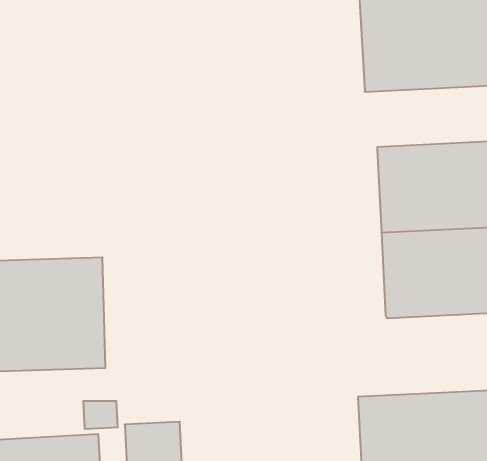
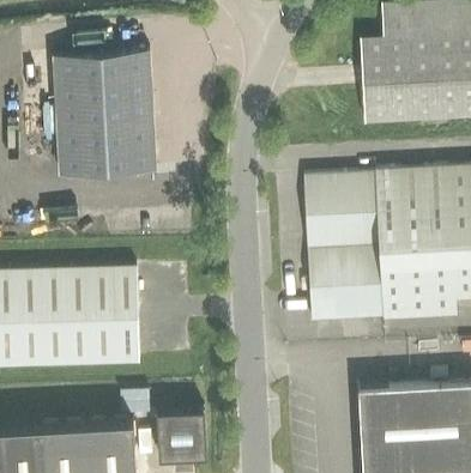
building: none -> [53,50,156,175]
building: none -> [303,172,382,320]

